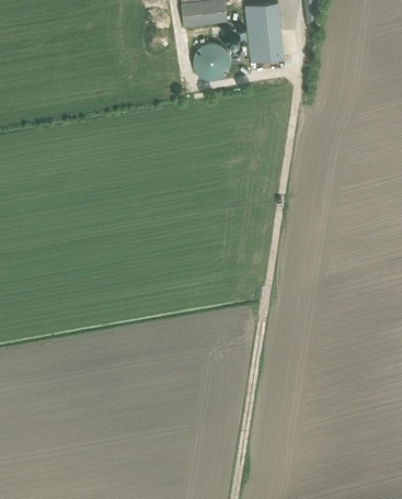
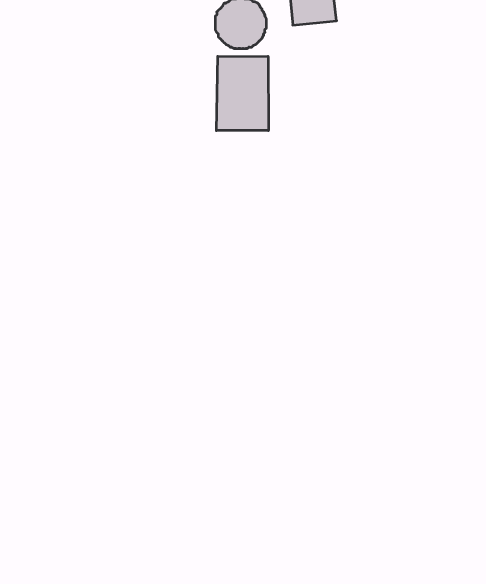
building: none -> [216,56,268,131]

